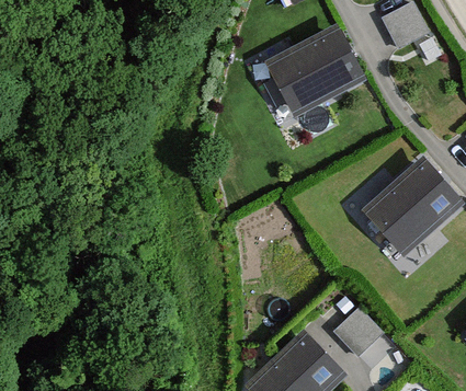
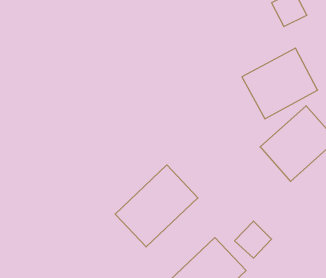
building: [265,23,366,117] -> [242,48,318,119]
building: none -> [115,165,198,247]

